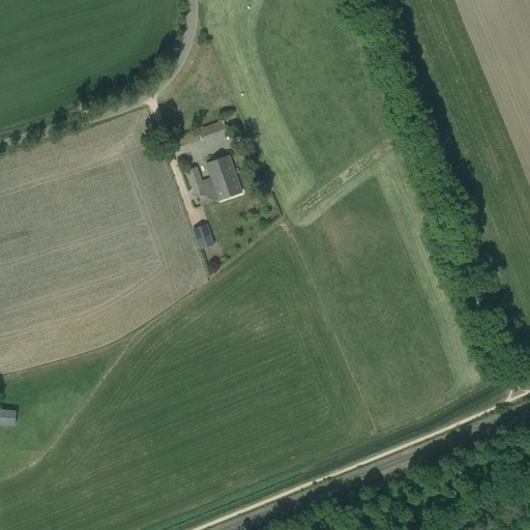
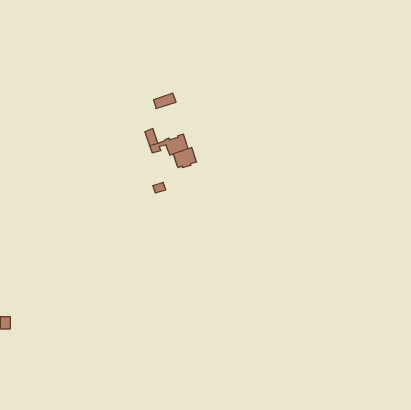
building: [206,154,236,180] -> [173,148,197,168]

